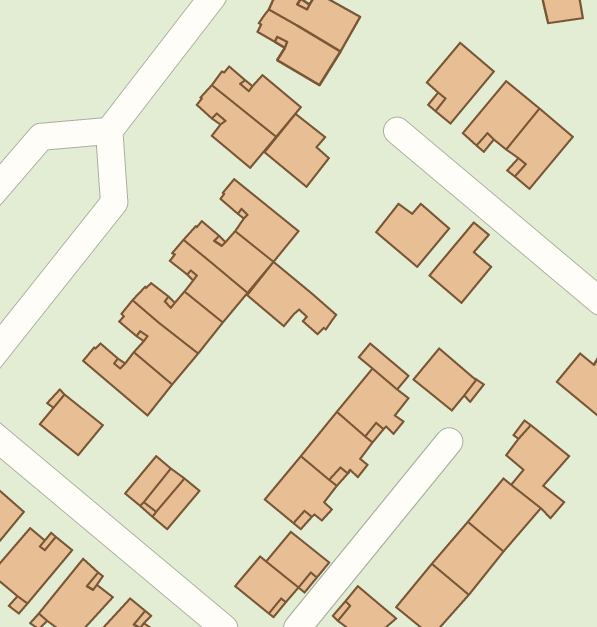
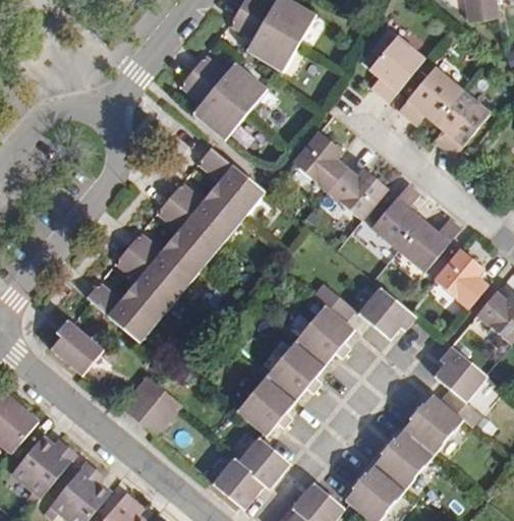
building: [265,114,329,187] -> [293,131,346,191]
building: [247,262,336,334] -> none
building: none -> [398,218,461,272]
building: none -> [434,248,489,308]

